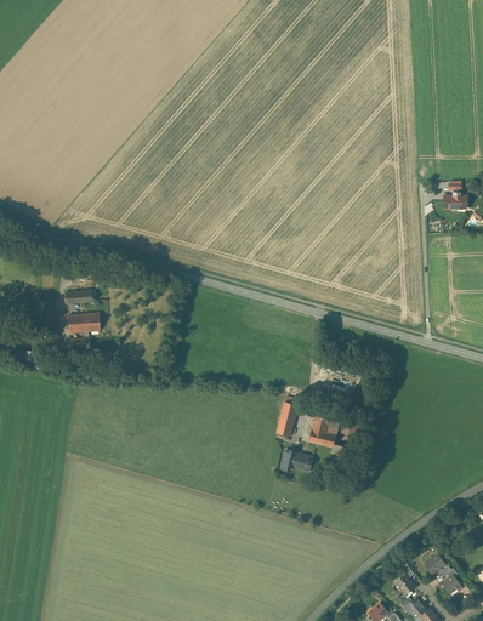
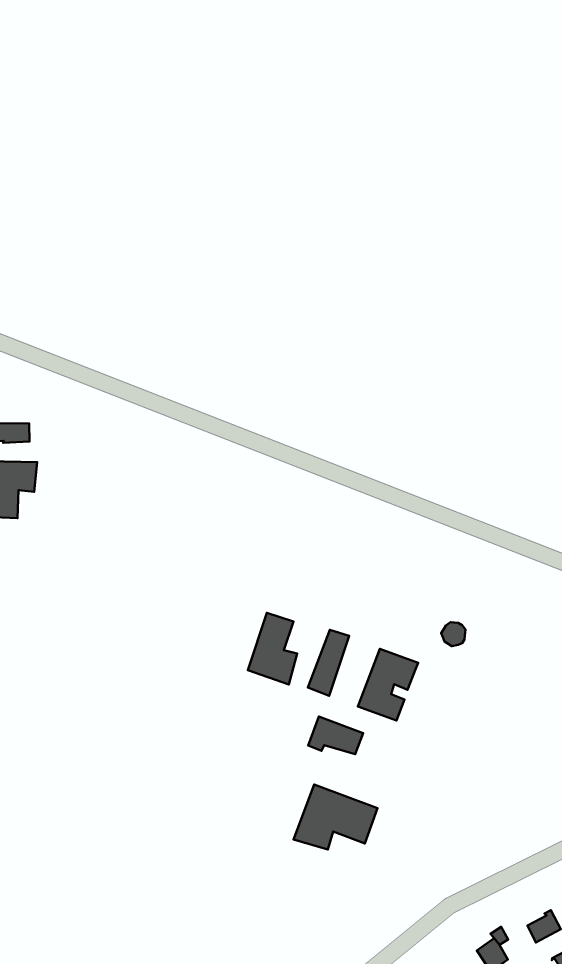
building: none -> [248,613,297,684]
building: none -> [293,785,377,850]

